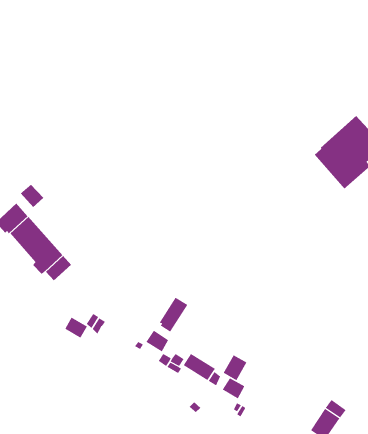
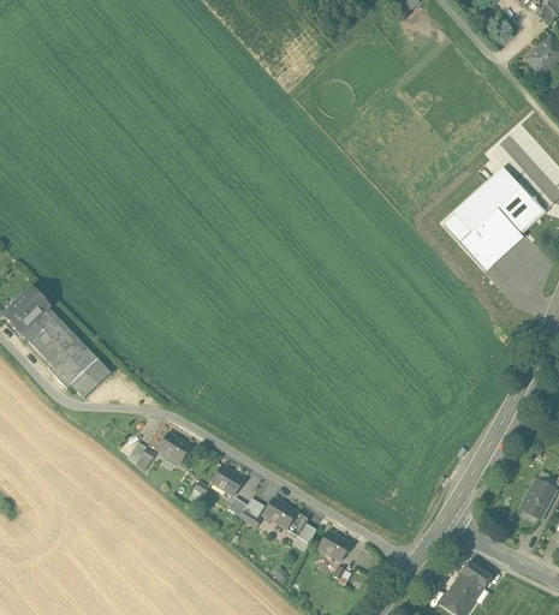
building: [20,184,44,208] -> none
building: [159,297,188,333] -> none
building: [64,317,88,338] -> [157,432,190,462]
building: [223,354,247,381] -> none

